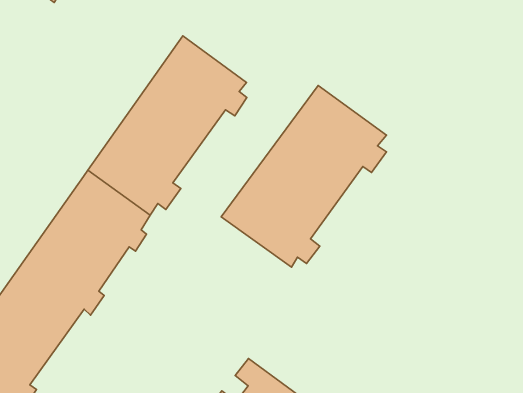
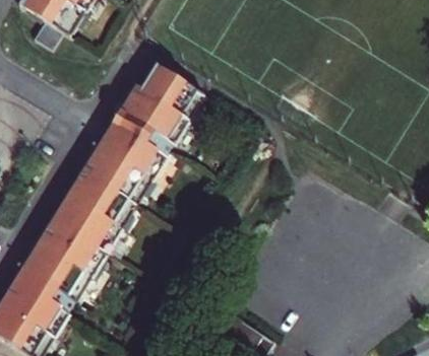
building: [221,86,386,267] -> none

